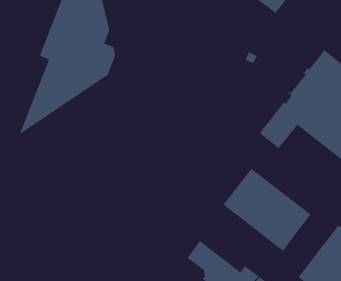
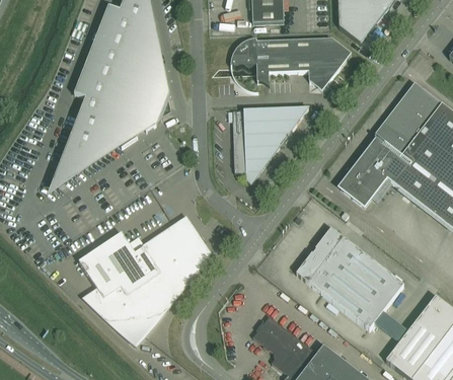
building: none -> [230,36,342,86]
building: none -> [232,106,308,181]
building: none -> [79,217,209,346]

